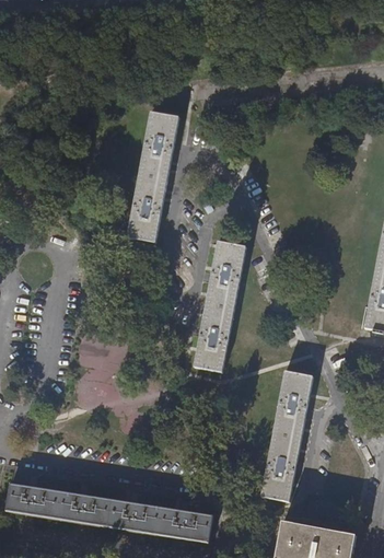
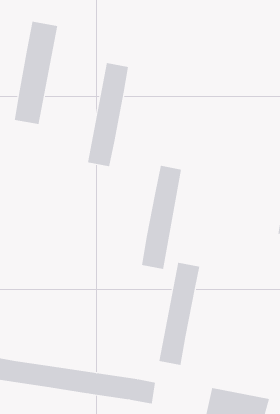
building: none -> [14,21,58,125]
building: [259,370,312,500] -> [158,262,200,366]

